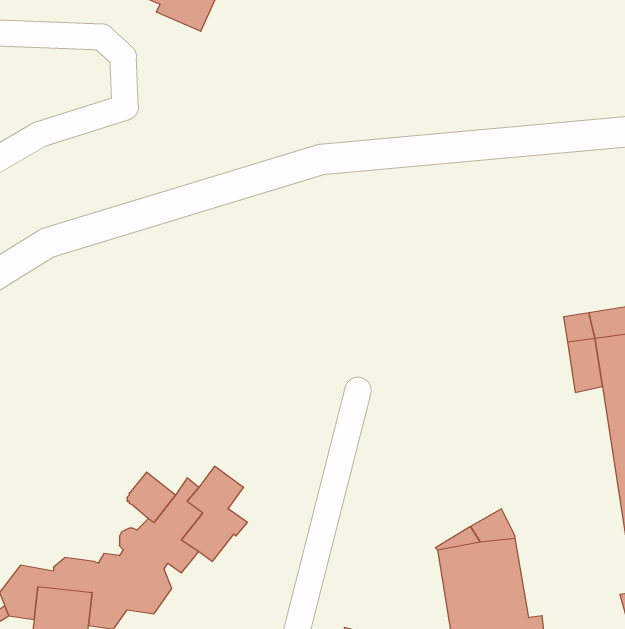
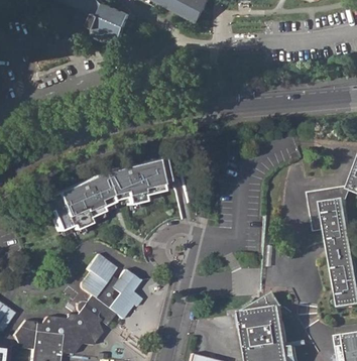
building: none -> [37,160,165,231]
building: none -> [85,254,115,284]

